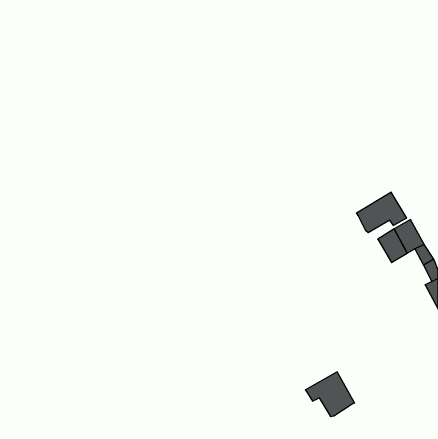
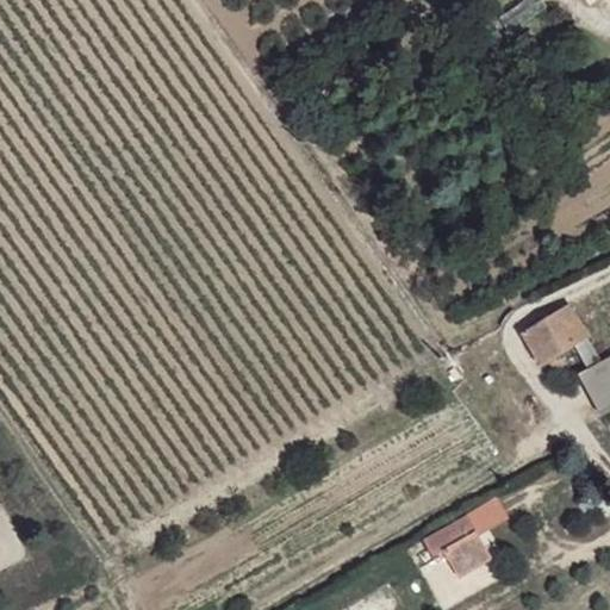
building: [356,192,406,233] -> none

